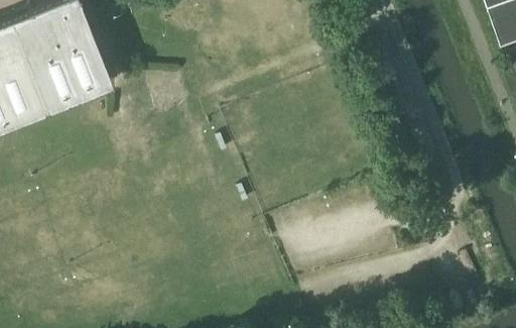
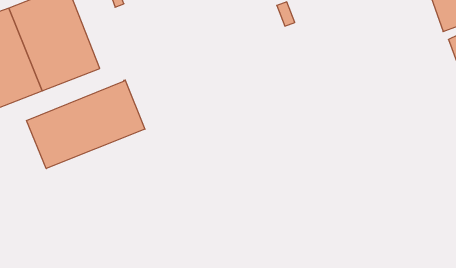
building: none -> [26,80,145,169]

